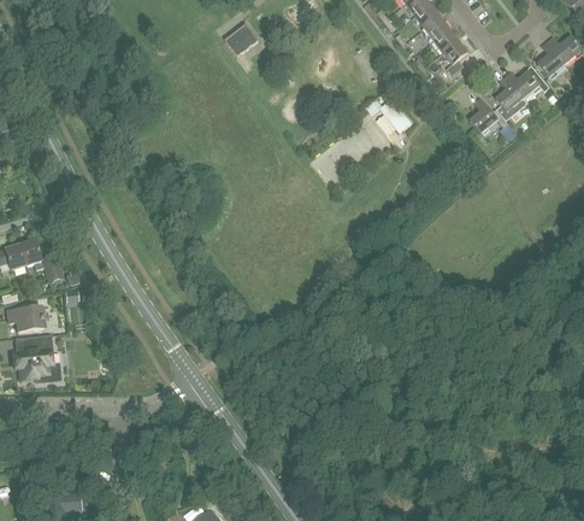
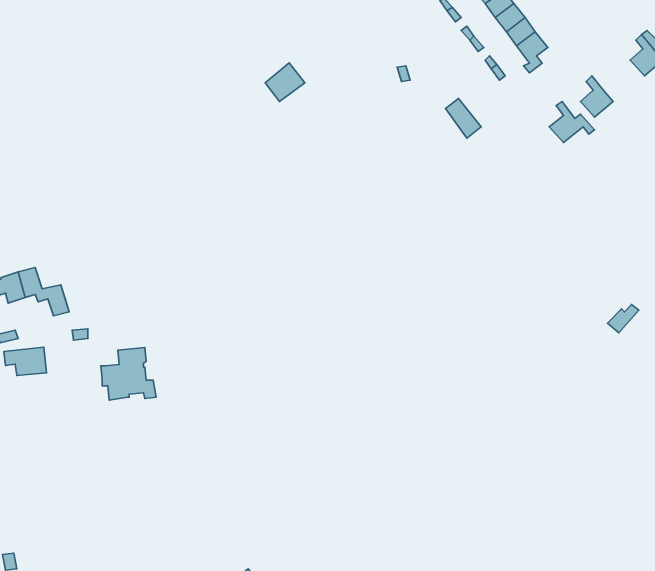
building: [224,23,258,55] -> [265,63,305,101]
building: [505,66,549,98] -> none
building: [12,336,59,381] -> [101,347,156,400]

